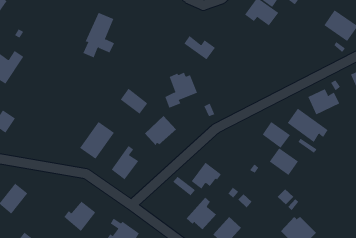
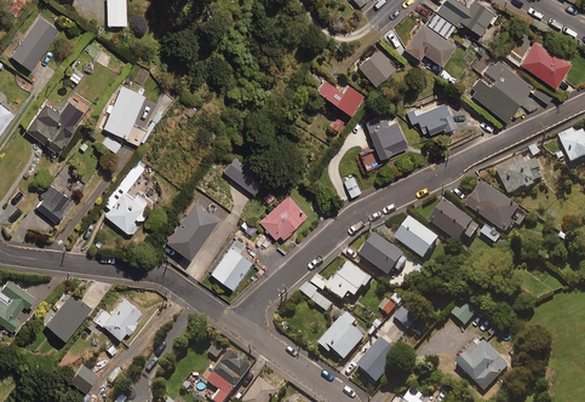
building: [82,12,115,58] -> [99,84,147,150]
building: none -> [356,45,396,85]
building: none -> [468,59,530,120]
building: none -> [406,94,454,136]
building: [165,72,198,109] -> [357,116,406,170]
building: none -> [103,156,148,234]
building: none -> [359,235,402,276]
building: [269,147,299,176] -> [394,218,437,259]
building: [64,201,96,232] -> [97,295,144,340]

